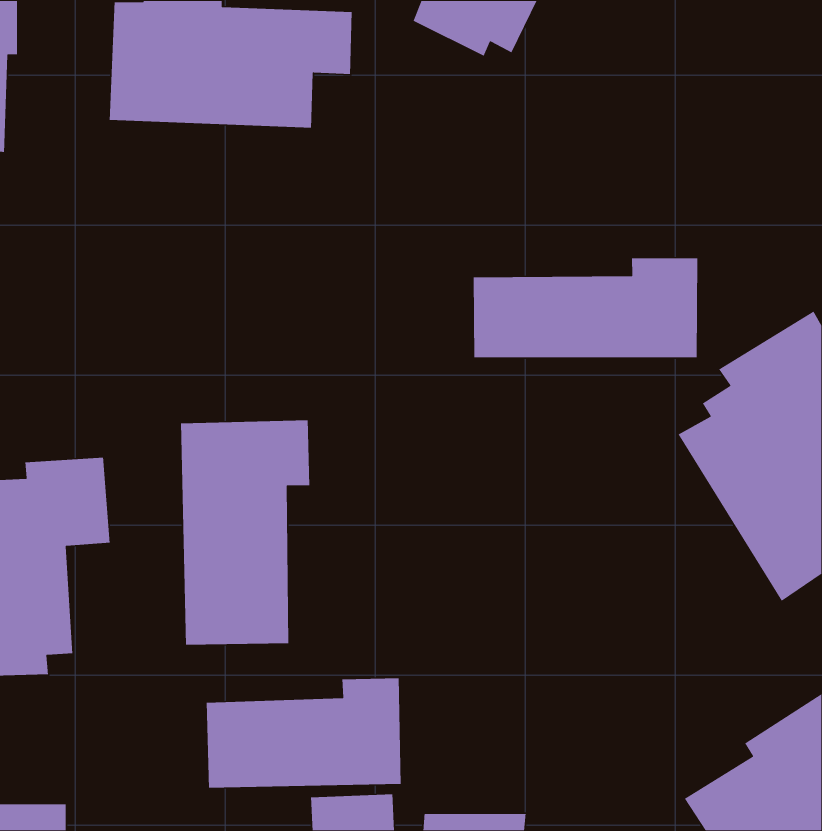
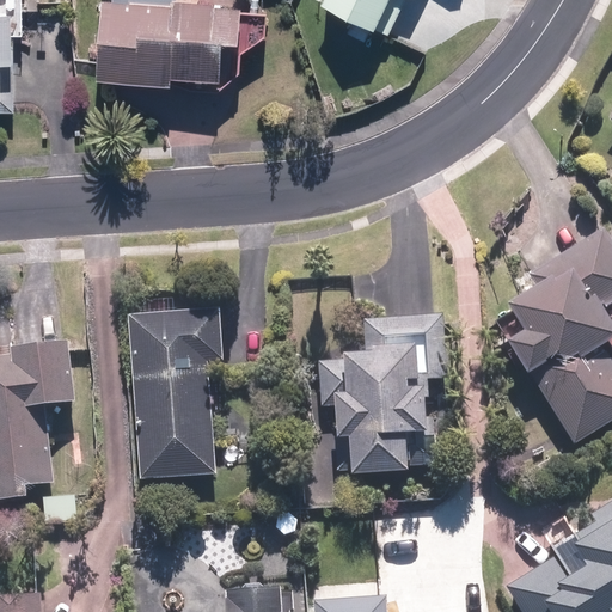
building: [473,258,698,358] -> none
building: none -> [318,314,443,467]
building: [206,678,401,789] -> none

